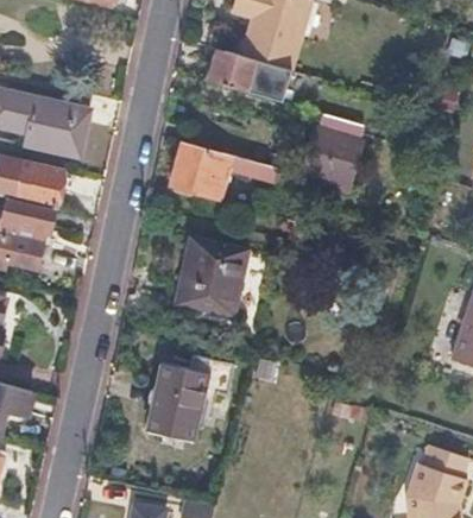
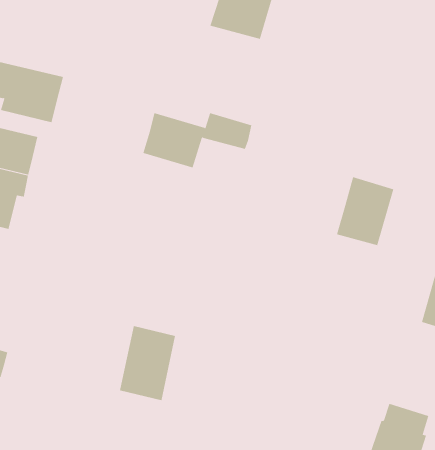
building: [207,51,267,93] -> none
building: [304,113,364,184] -> [336,176,394,246]
building: [175,236,245,315] -> none

